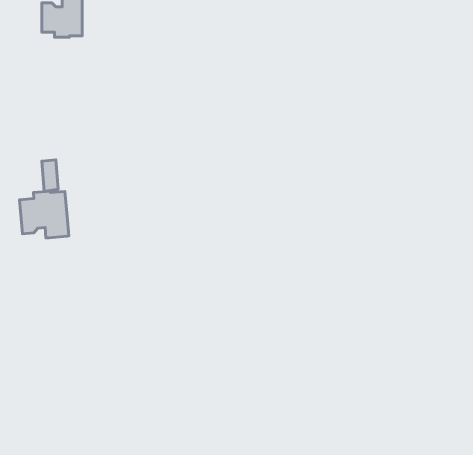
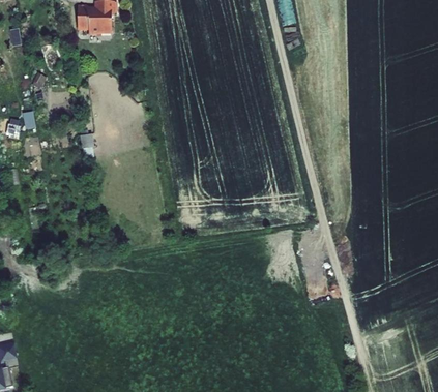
building: [20,191,69,238] -> none

